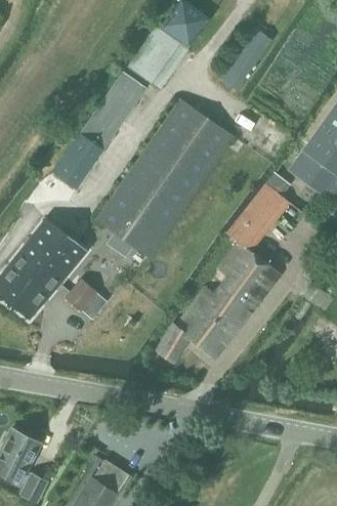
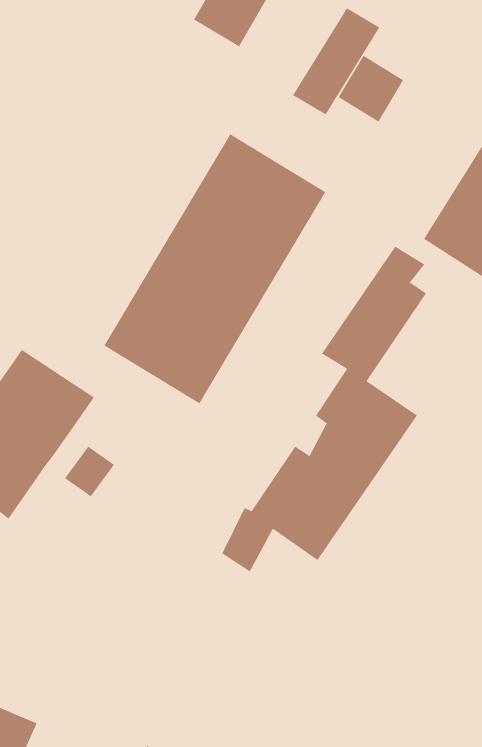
building: [127,26,188,90] -> none
building: none -> [338,55,404,123]
building: [44,74,145,201] -> none

